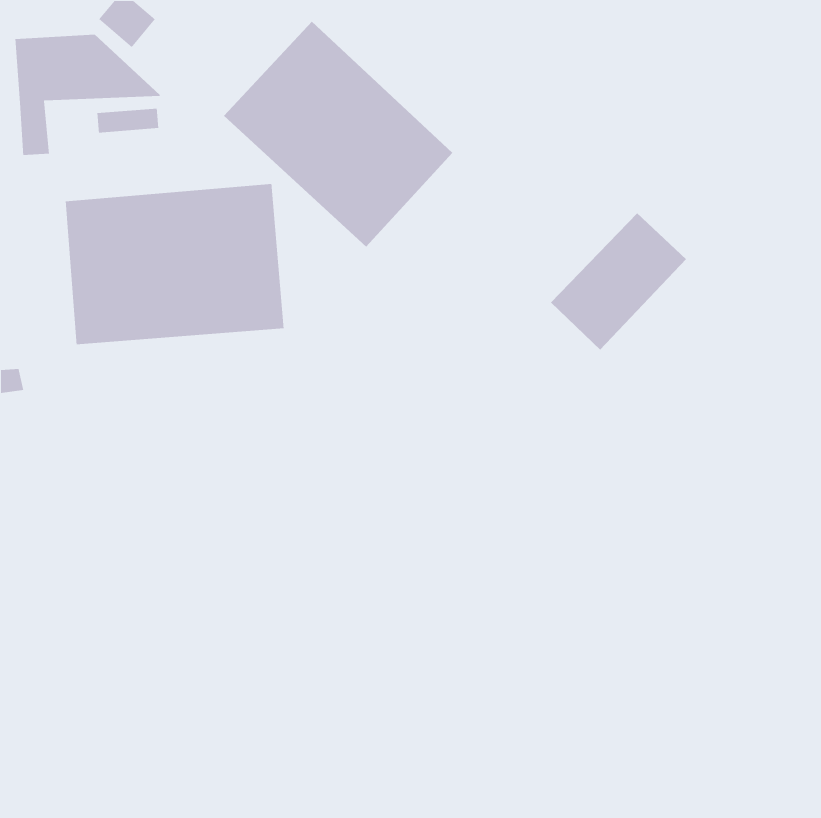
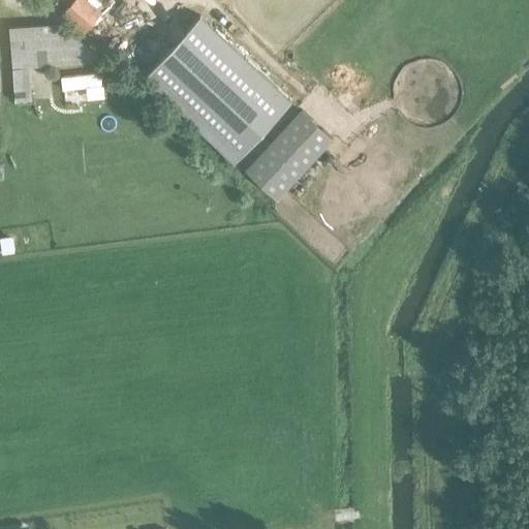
building: [65,183,284,345] -> none
building: [550,212,687,351] -> [246,115,334,204]

